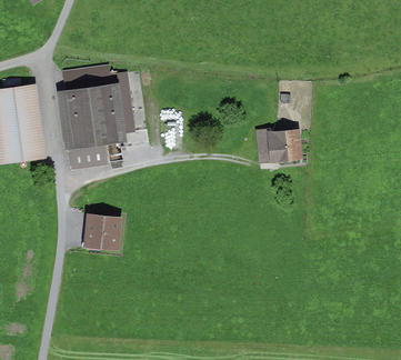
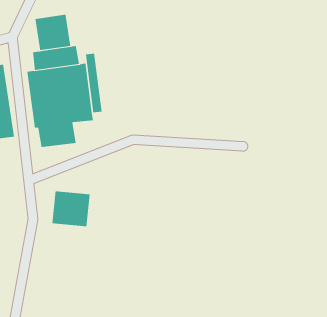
building: none -> [35,14,71,51]
building: [255,128,301,163] -> none

